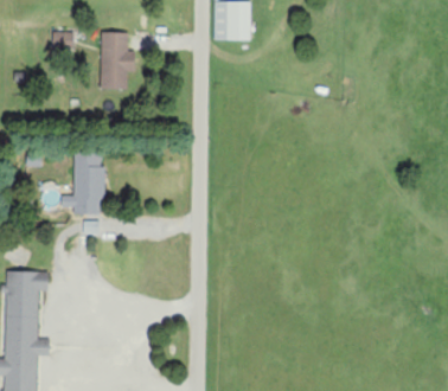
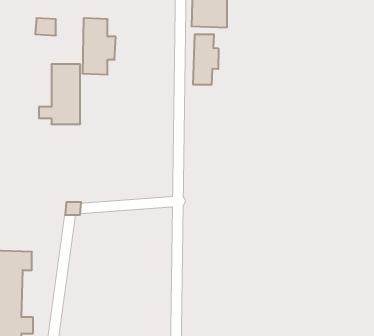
building: none -> [193,34,218,85]
building: [60,152,103,213] -> [39,64,80,124]

